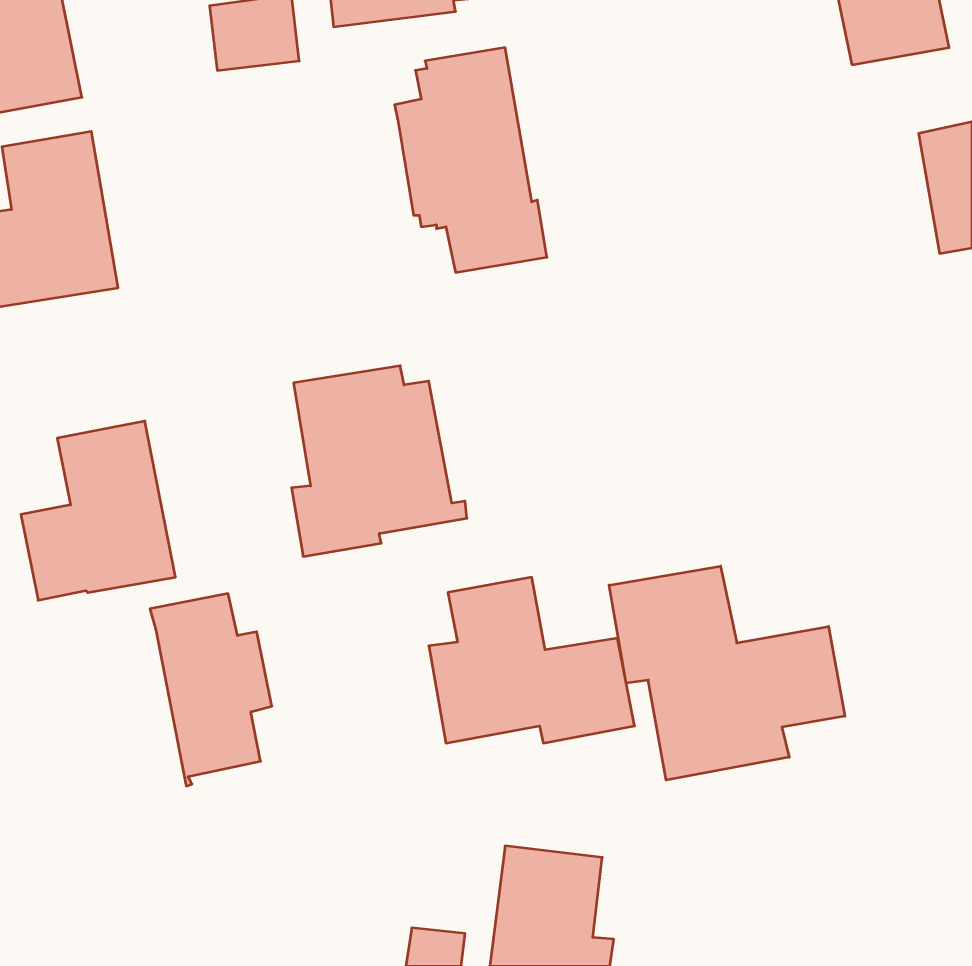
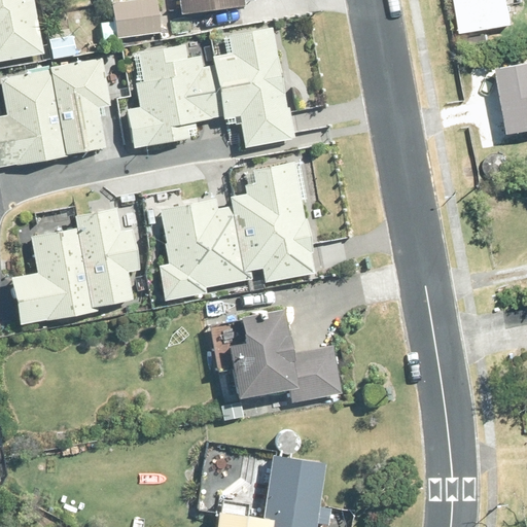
building: none -> [128,43,223,146]
building: none -> [49,58,110,155]
building: none -> [231,162,315,283]
building: [609,566,845,780] -> none
building: [150,594,272,786] -> [75,208,141,312]

